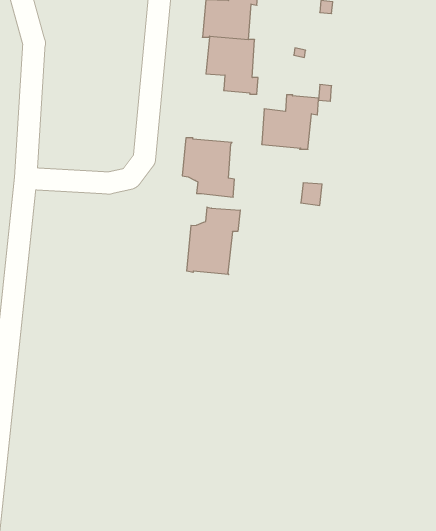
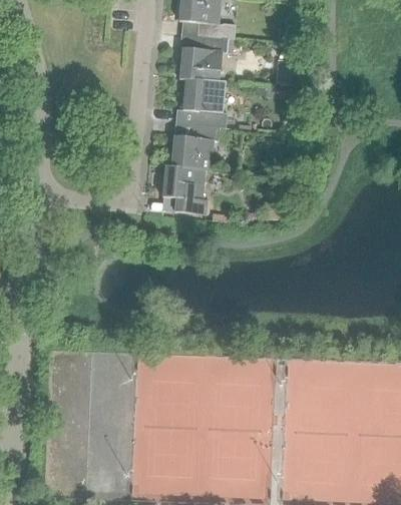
building: [262,95,319,149] -> [171,122,220,168]
building: [187,207,240,275] -> none

